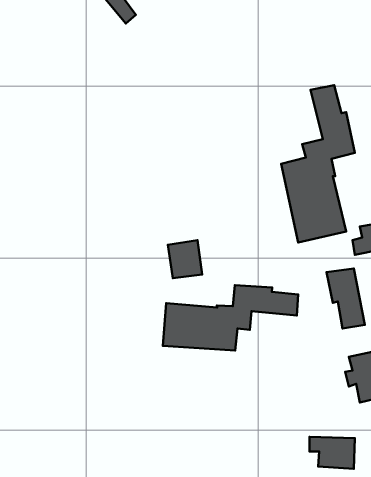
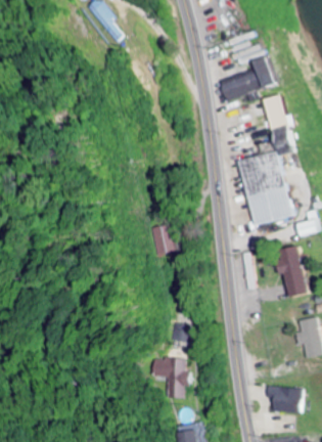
building: none -> [218,55,280,101]
building: [163,285,298,351] -> none
building: none -> [147,357,189,399]

